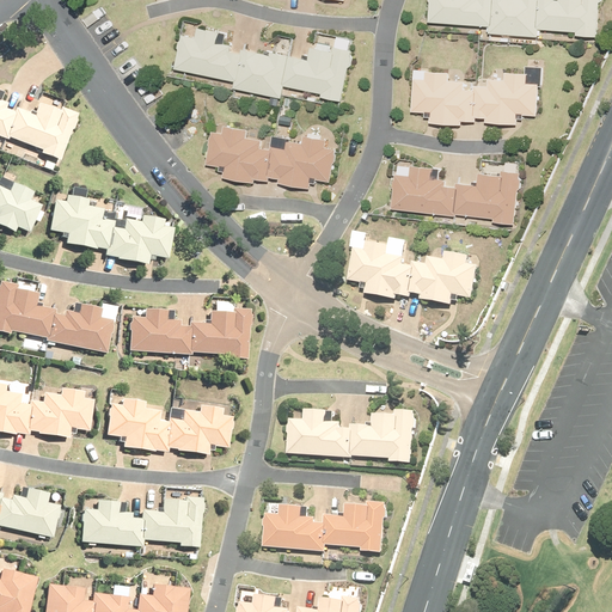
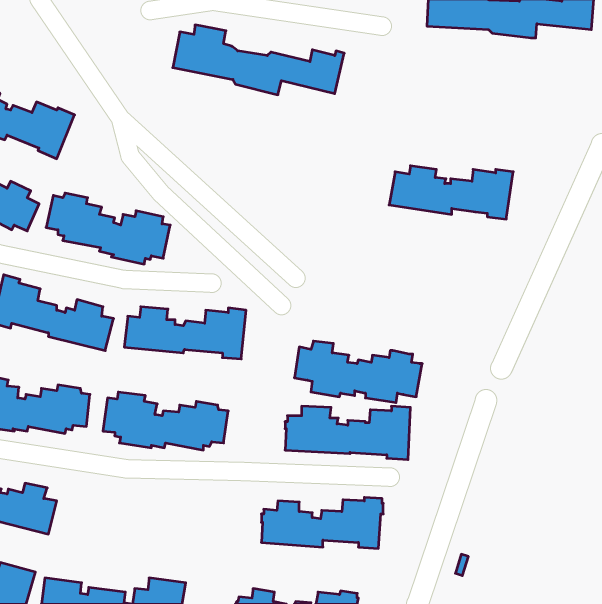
building: [412,72,538,124] -> none
building: [208,126,337,188] -> none
building: [349,243,478,305] -> [294,341,422,403]
building: [78,496,201,547] -> none

